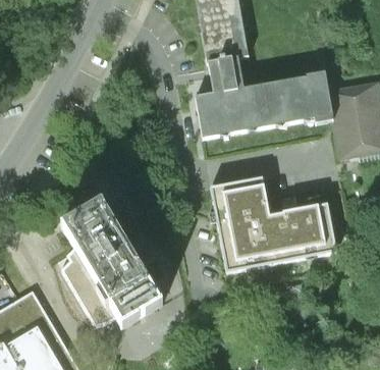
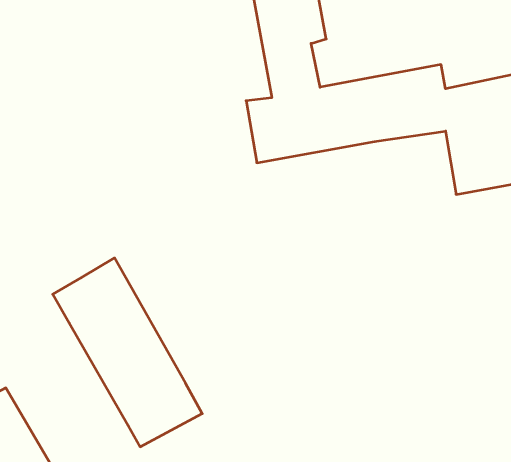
building: [210,177,337,273] -> none
building: [63,247,116,324] -> none

